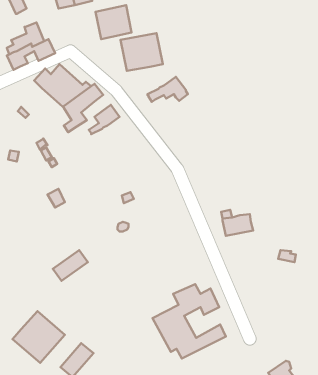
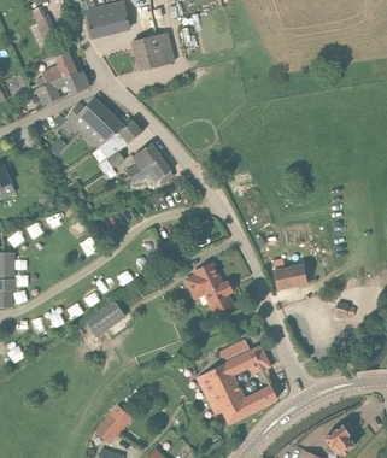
building: [120,33,163,71] -> none
building: [147,77,188,102] -> [129,155,174,183]
building: none -> [186,262,233,312]
building: [13,311,65,363] -> none

